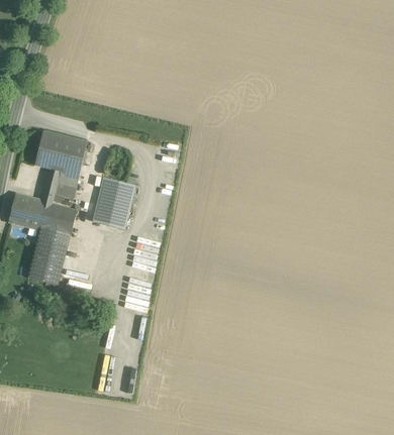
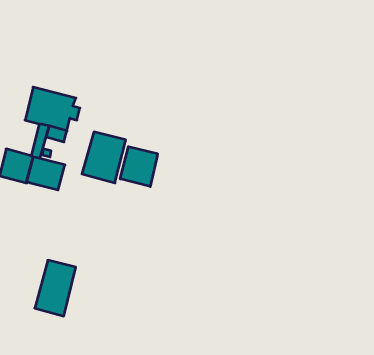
building: none -> [120,147,157,187]
building: [26,227,68,284] -> [35,260,76,316]

